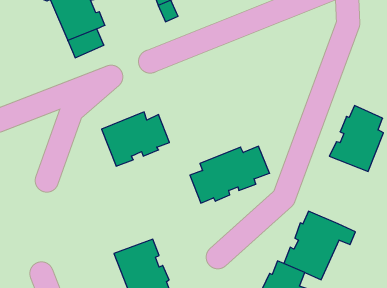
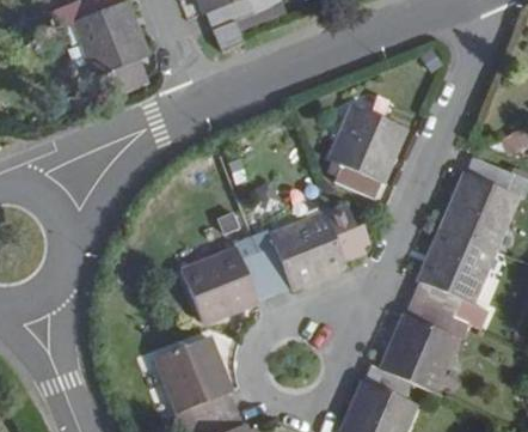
building: none -> [330,104,401,194]
building: [102,112,169,166] -> [182,247,271,318]
building: none -> [413,225,496,330]

